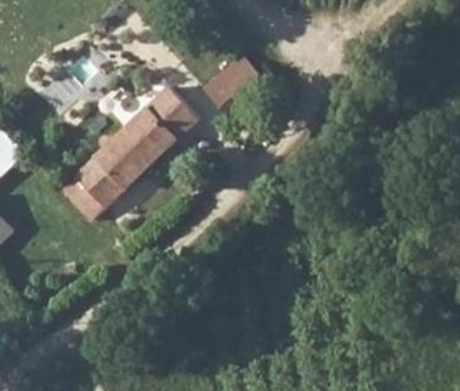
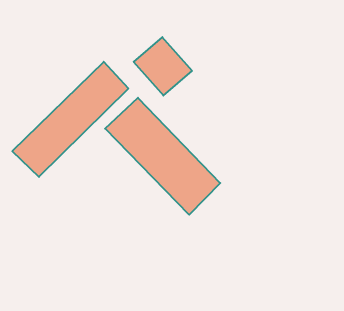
building: none -> [105,98,220,215]

